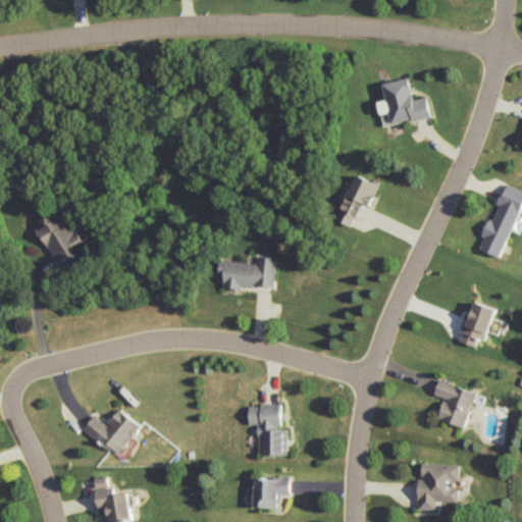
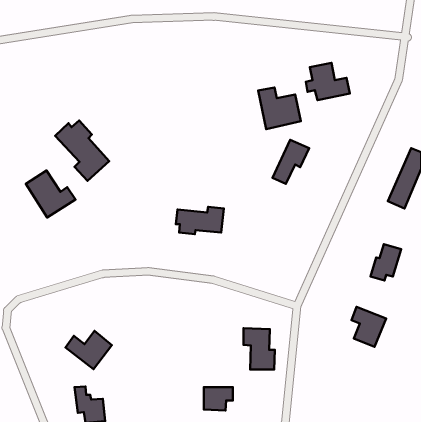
building: none -> [258,87,301,129]
building: none -> [55,120,109,181]
building: [246,404,284,455] -> [243,328,275,370]
building: [415,463,458,511] -> none

